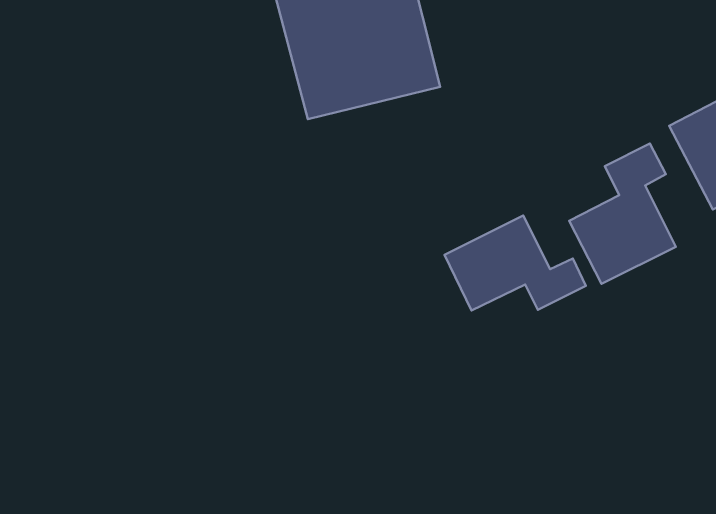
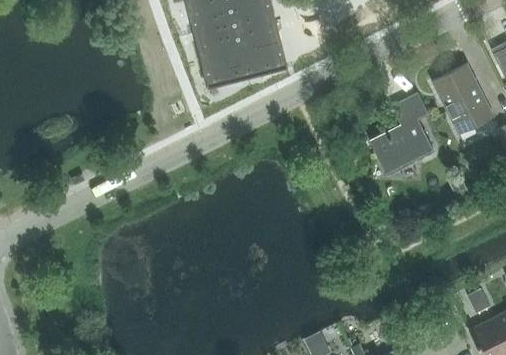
building: [445,216,586,311] -> none

